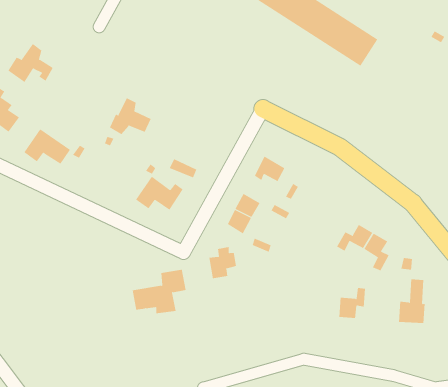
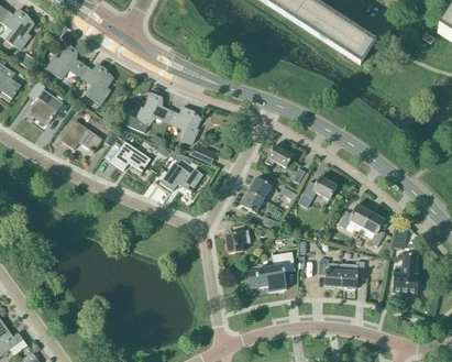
building: none -> [80,63,112,103]
building: none -> [168,106,200,143]
building: none -> [110,140,150,171]
building: none -> [297,175,337,207]
building: [132,269,186,314] -> [246,251,295,290]
building: none -> [319,257,342,286]

